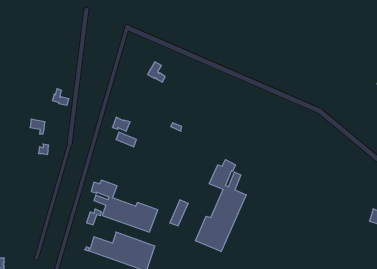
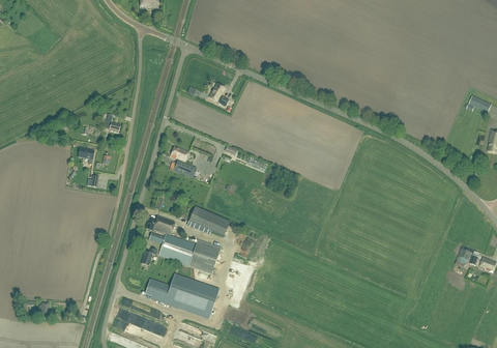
building: [196,160,246,252] -> none
building: none -> [188,205,230,235]

